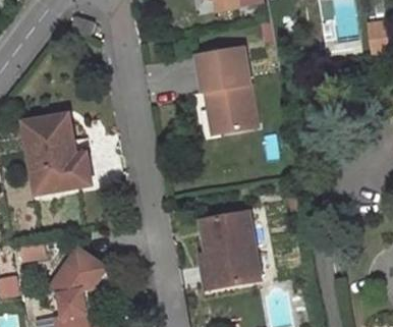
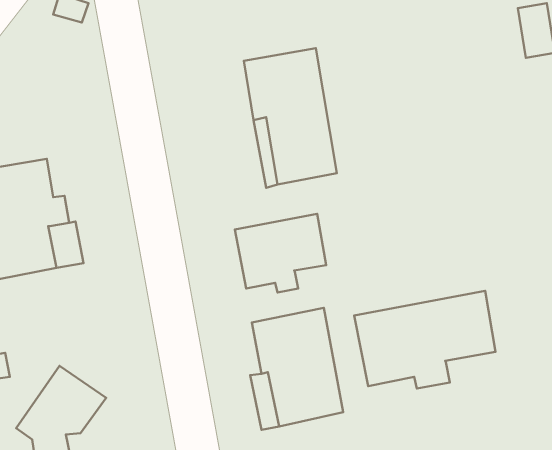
building: none -> [235,214,326,292]
building: none -> [354,291,496,389]

